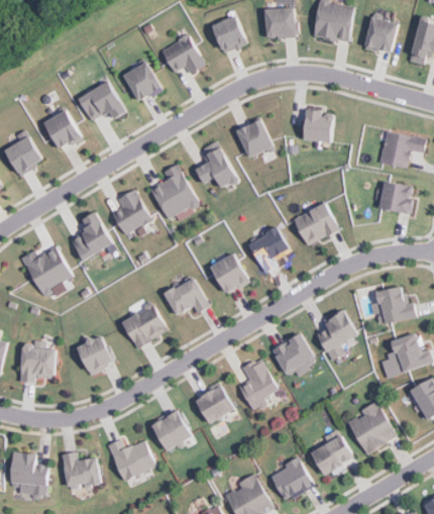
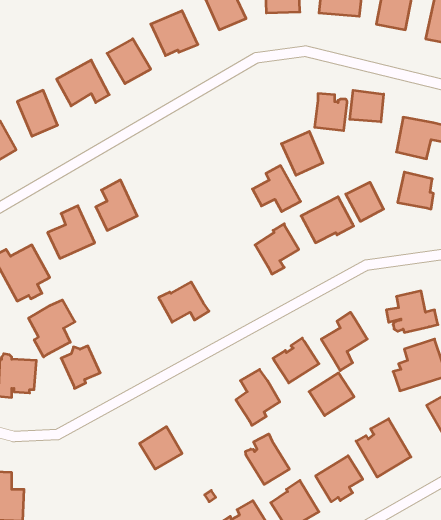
building: none -> [350,90,384,122]
building: [234,118,272,158] -> [281,131,323,175]
building: [193,146,236,188] -> [252,166,301,212]
building: [148,164,196,219] -> none
building: none -> [346,182,384,221]
building: [215,254,252,294] -> none
building: none -> [29,300,75,357]
building: [125,303,169,349] -> none
building: none -> [309,373,354,416]
building: [194,384,232,421] -> none
building: none -> [246,434,289,484]
building: [106,438,153,481] -> none
building: [61,451,97,486] -> none

